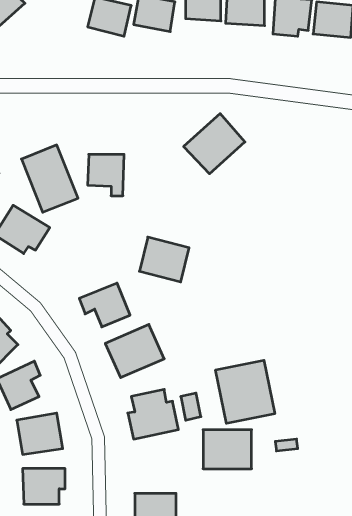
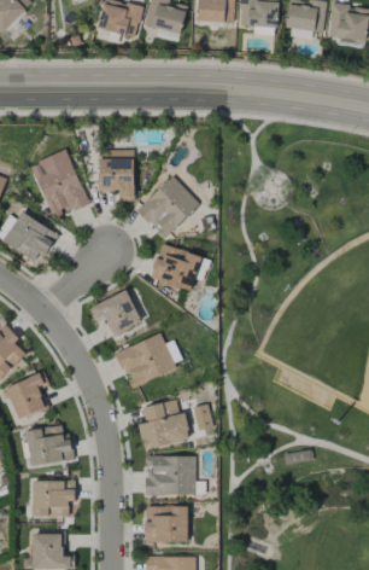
building: [184,114,245,174] -> [136,176,199,238]
building: [216,360,275,423] -> none
building: [203,430,252,469] -> [146,455,195,495]

